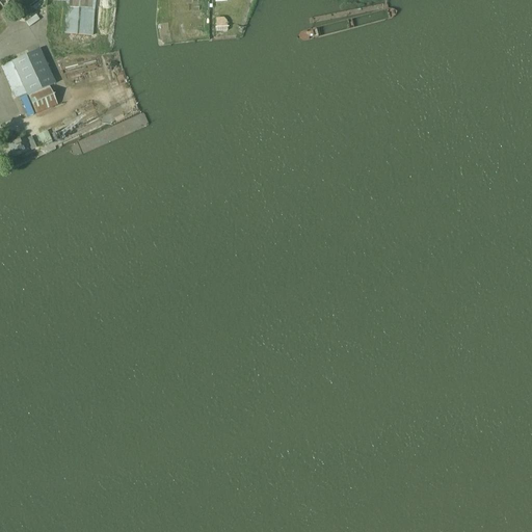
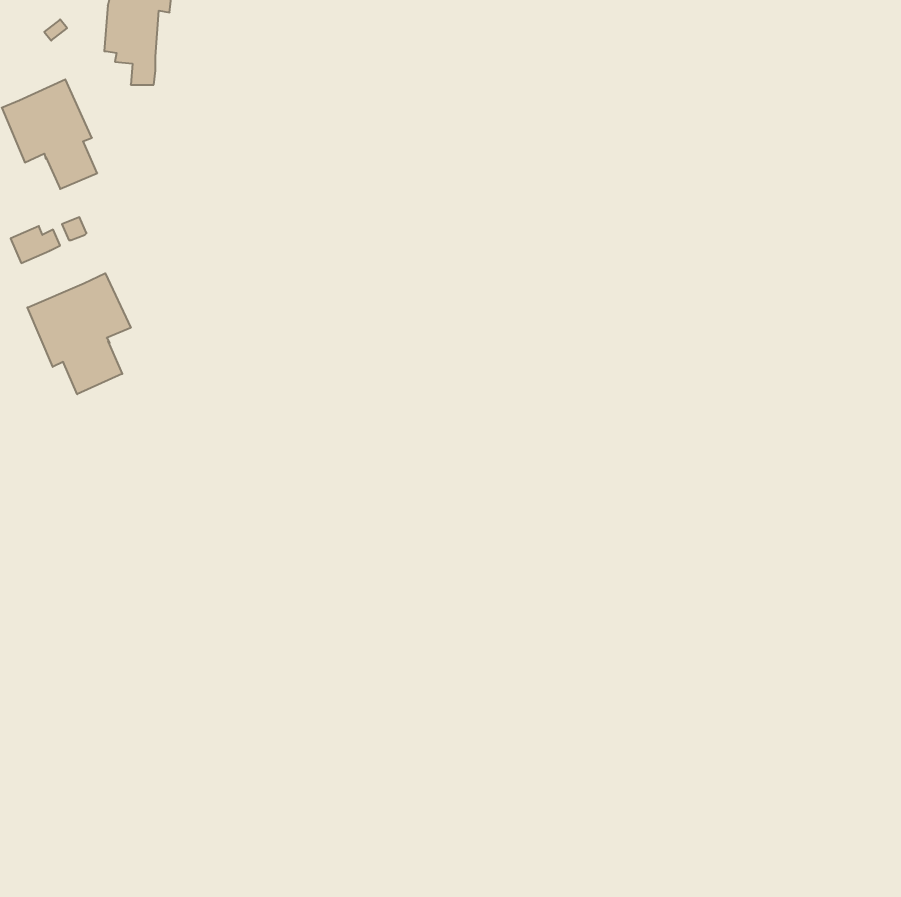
building: none -> [27,273,131,394]

